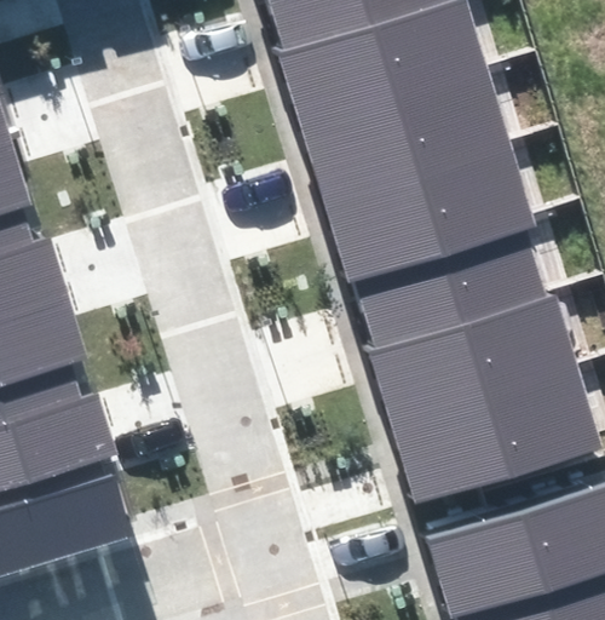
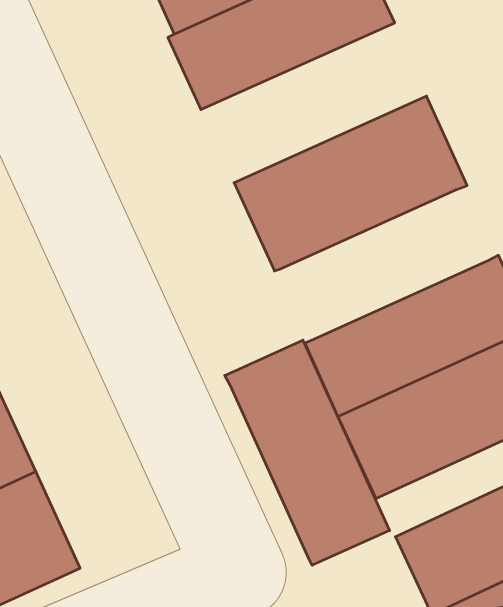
building: [300,68,509,196] -> none
building: [355,229,547,350] -> none
building: none -> [225,340,390,565]

